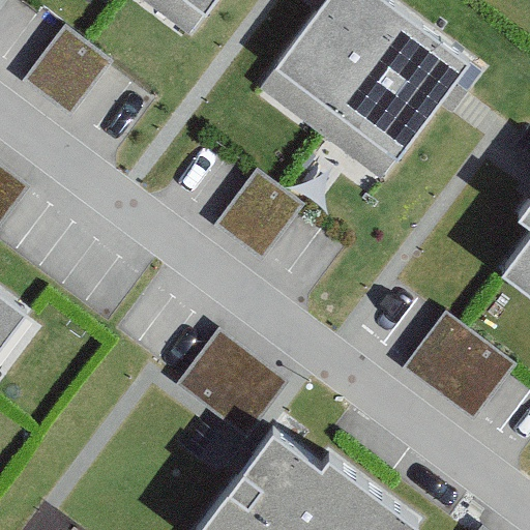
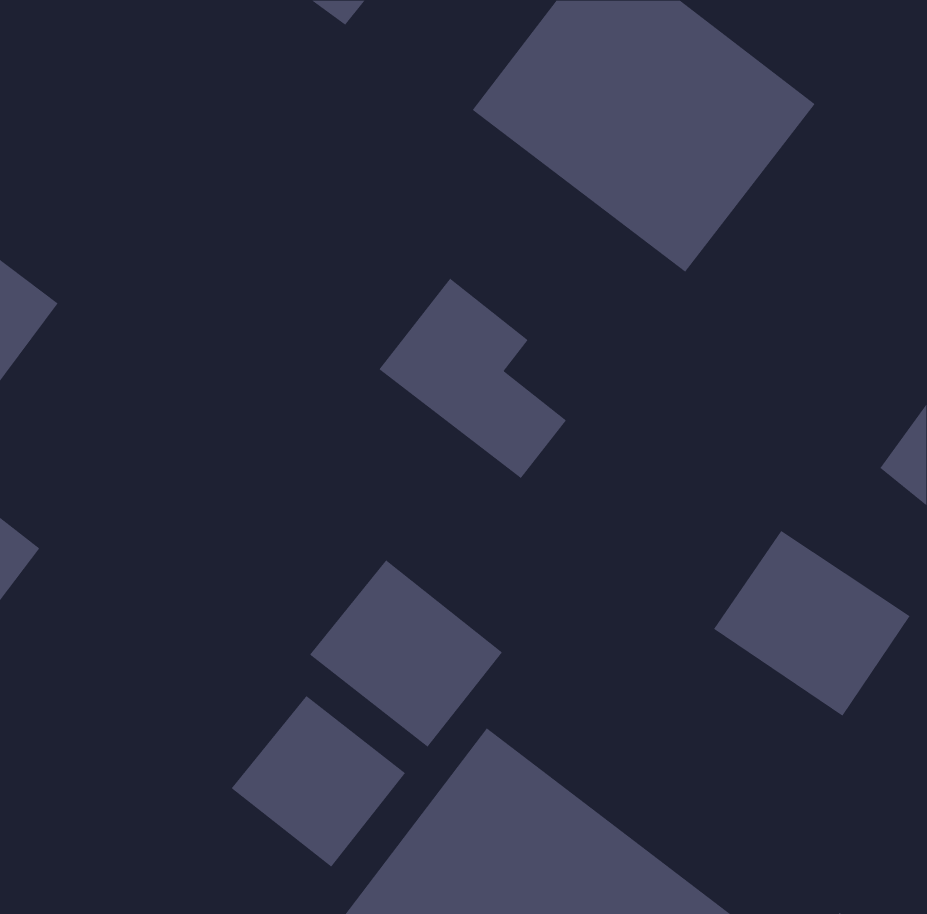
building: [27,22,113,110] -> none
building: none -> [231,695,406,868]

